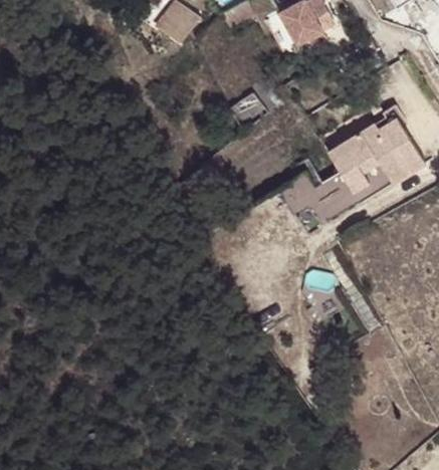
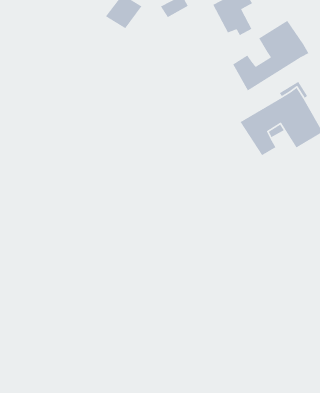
building: none -> [232,20,309,92]

